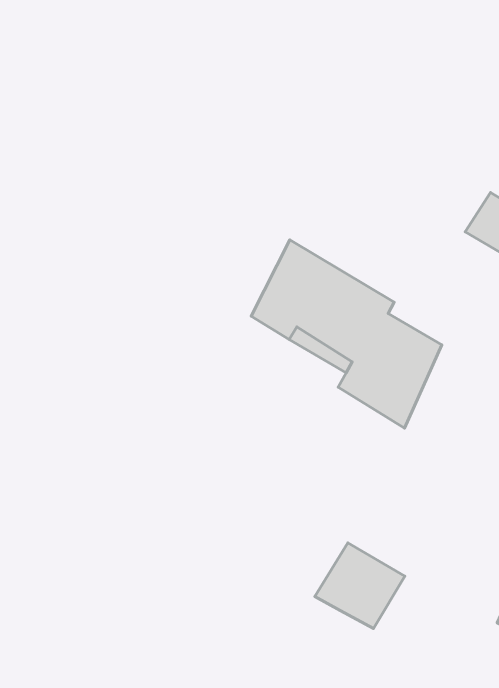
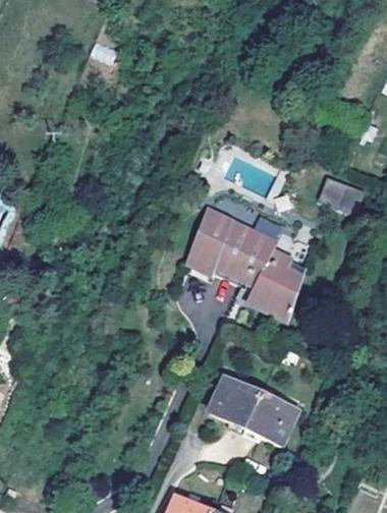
building: none -> [208,376,261,426]

